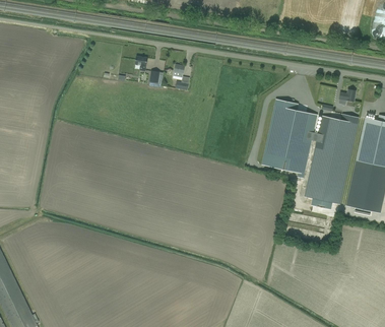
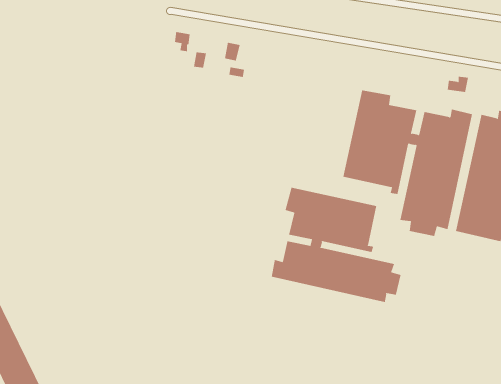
building: none -> [271,187,401,303]

